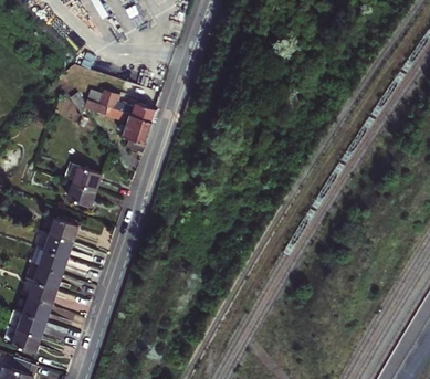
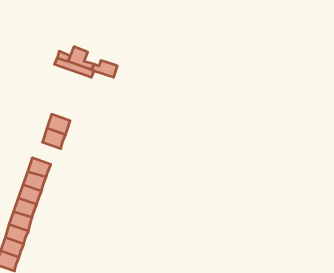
building: [118,115,151,154] -> none

